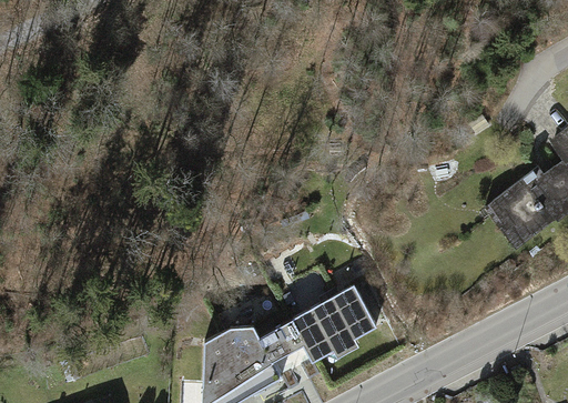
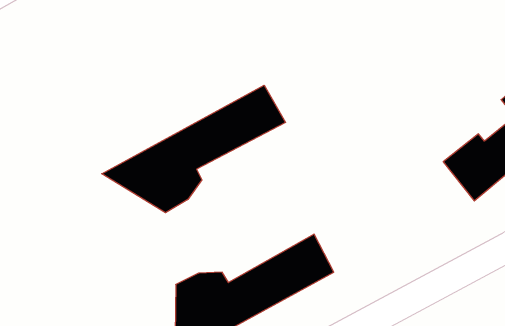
building: none -> [102,85,286,213]

